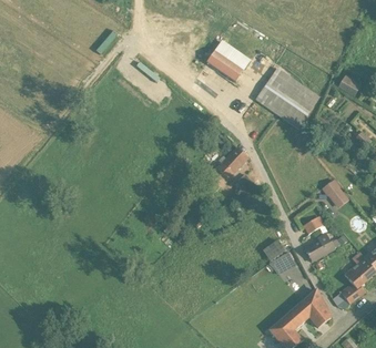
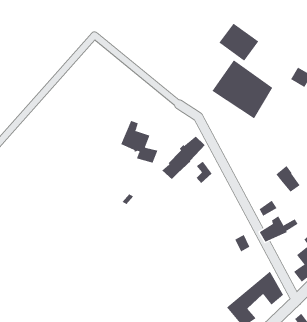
building: [206,40,250,81] -> [219,23,259,62]
building: none -> [121,120,158,164]

